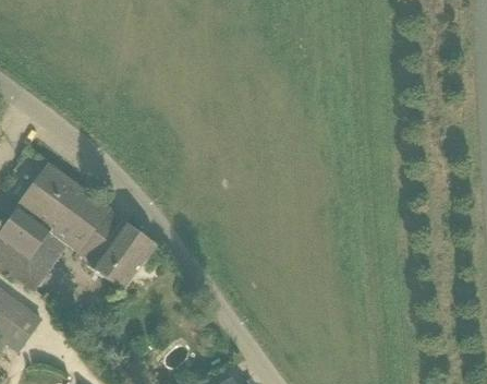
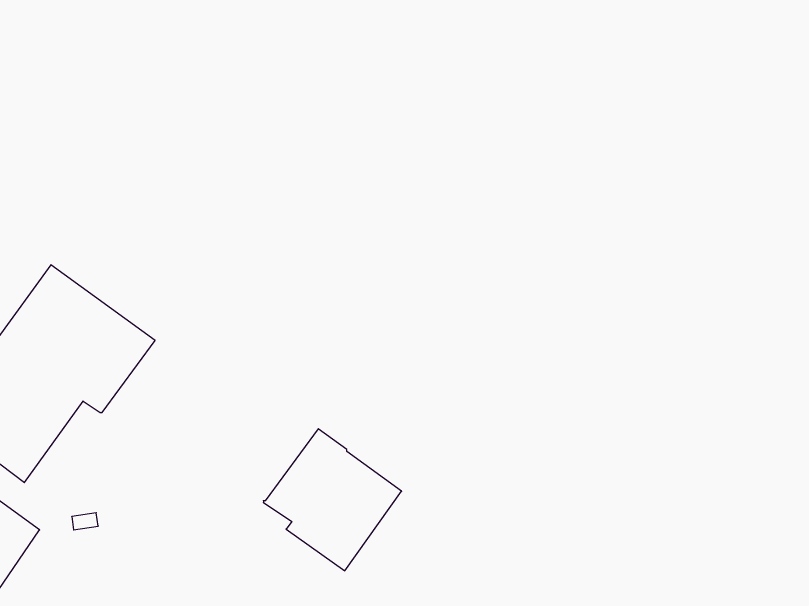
building: [75,211,155,292] -> [263,429,402,571]

